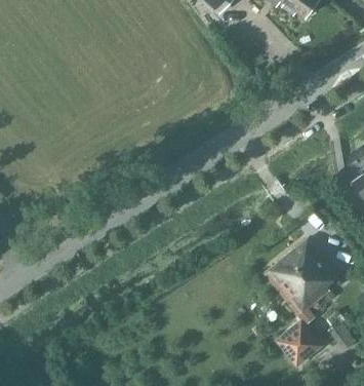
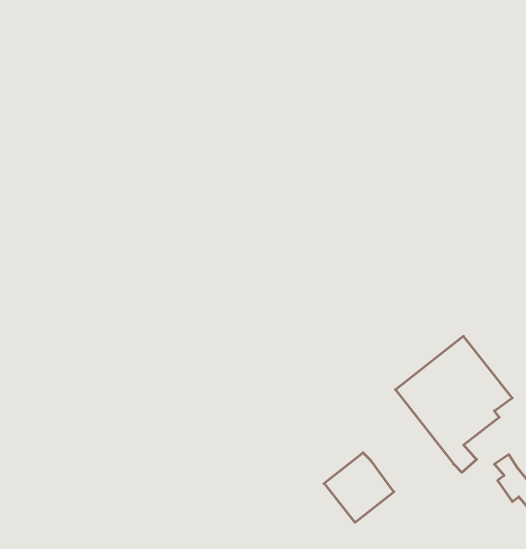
building: [278,318,322,362] -> [324,453,394,522]

